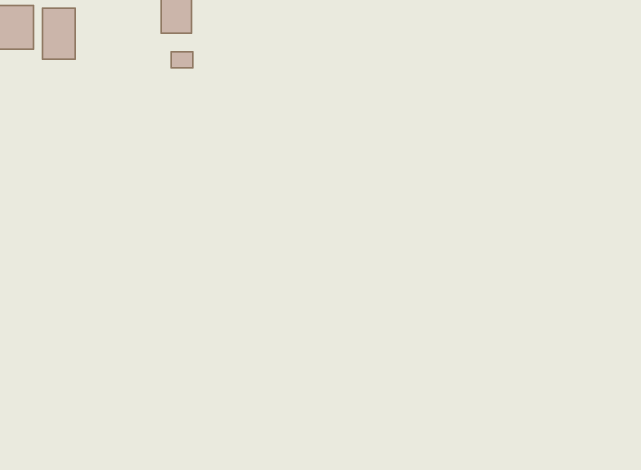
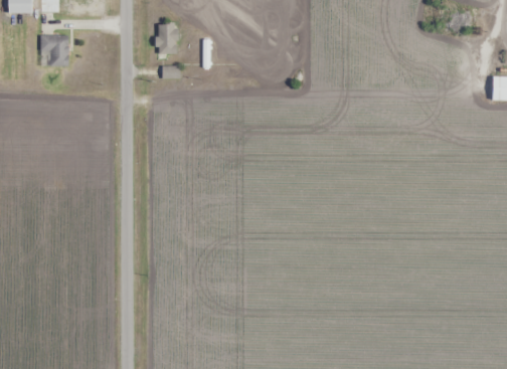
building: [42,8,75,59] -> none

